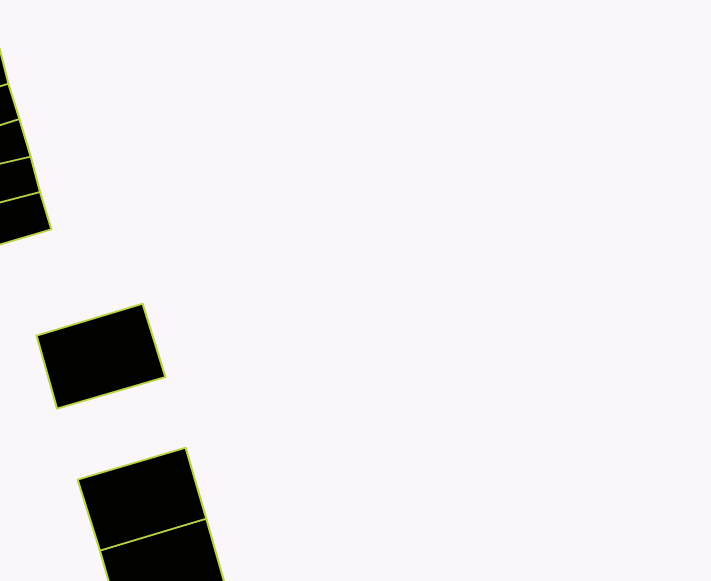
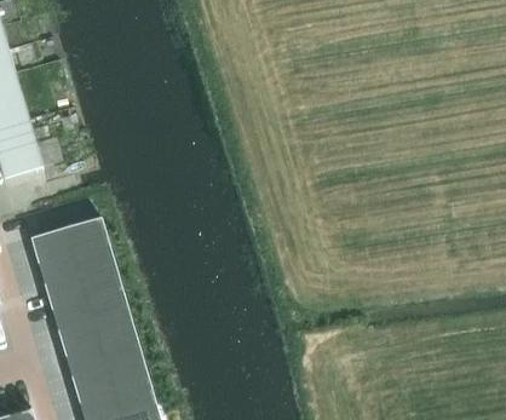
building: none -> [45,264,128,330]

